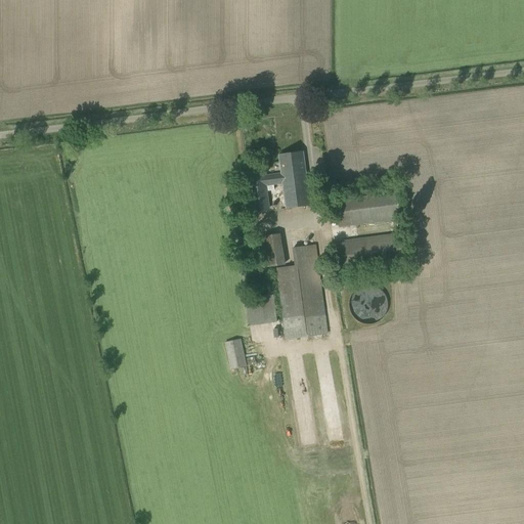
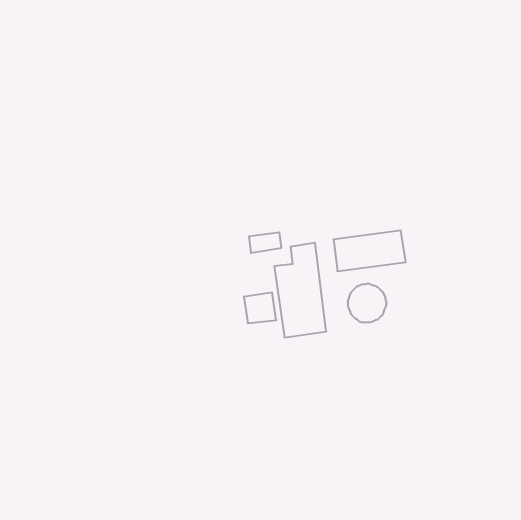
building: [248,150,311,213] -> none
building: [335,189,400,227] -> none
building: [224,338,246,368] -> none

